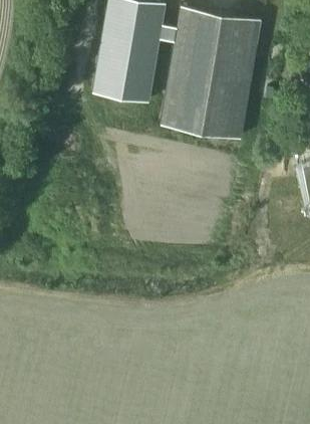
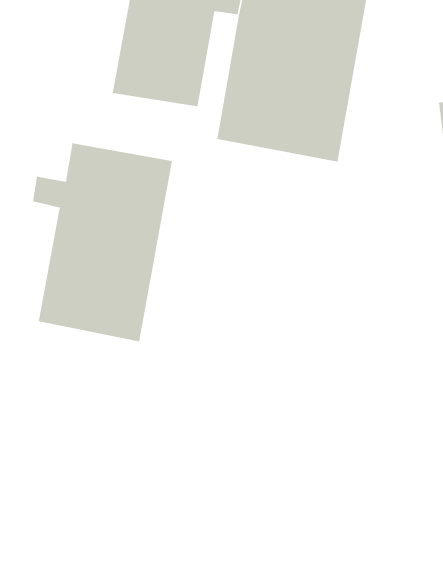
building: none -> [32,142,173,342]

